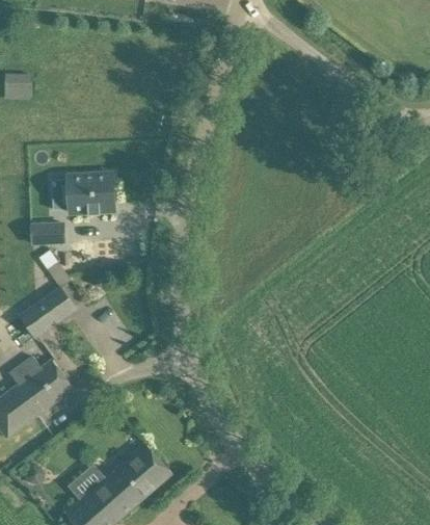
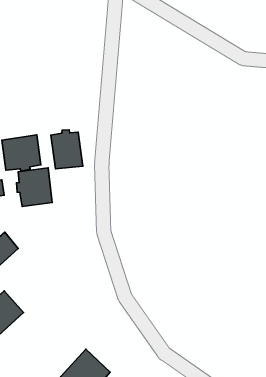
building: none -> [51,130,83,169]
building: none -> [17,168,52,207]

